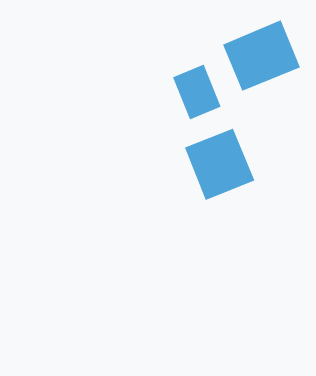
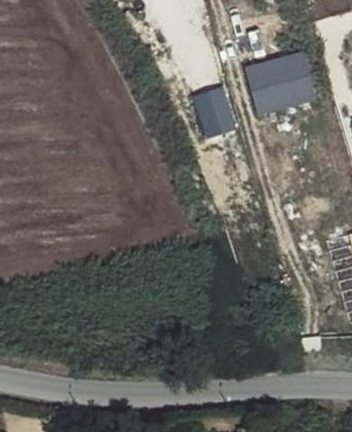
building: [184,128,255,201] -> none

